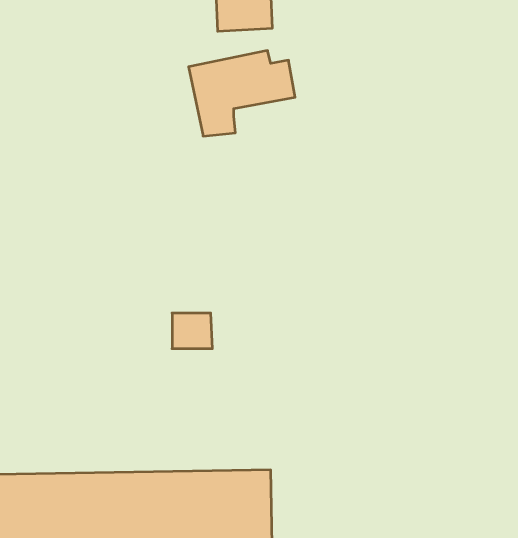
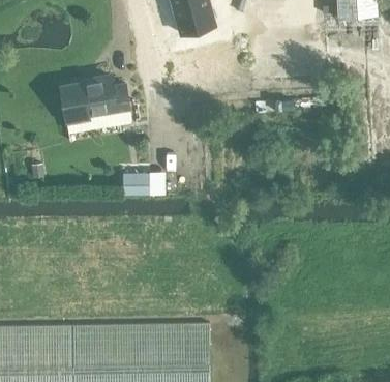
building: [189,51,295,136] -> [61,80,129,135]
building: [172,313,212,349] -> [122,173,148,196]

